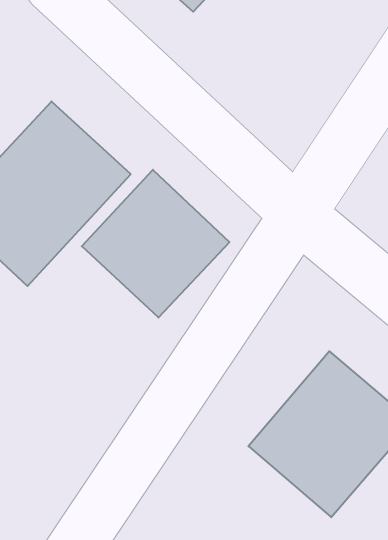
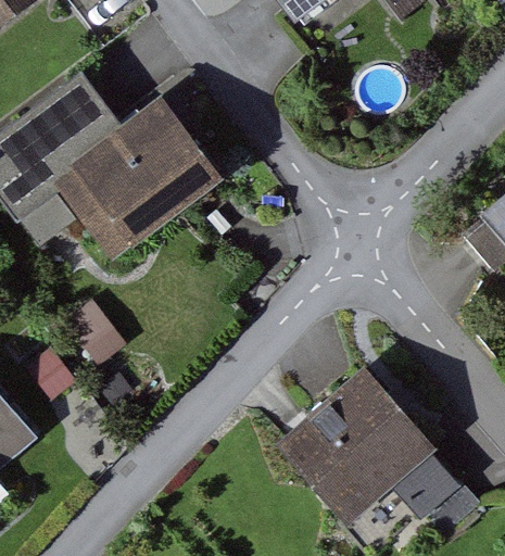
building: [82,170,229,318] -> none

